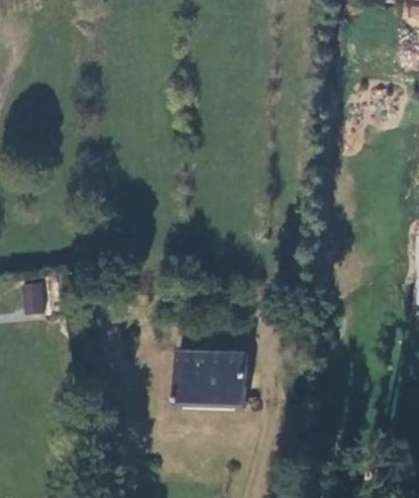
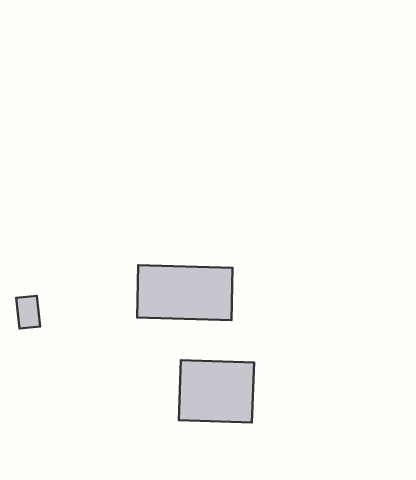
building: none -> [137,265,233,320]

